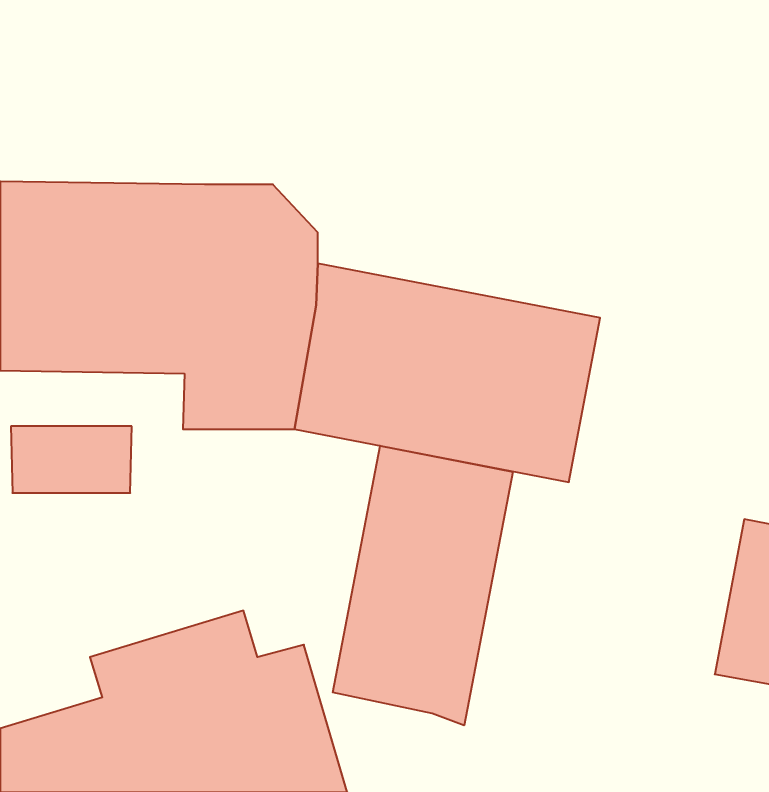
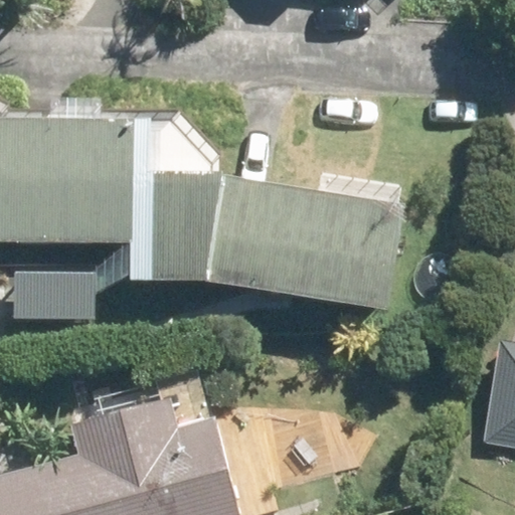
building: [333,446,513,725] -> none

